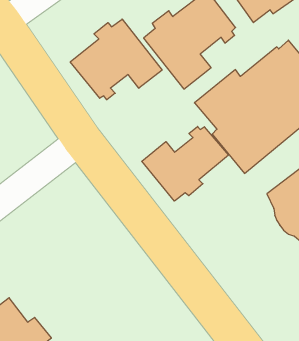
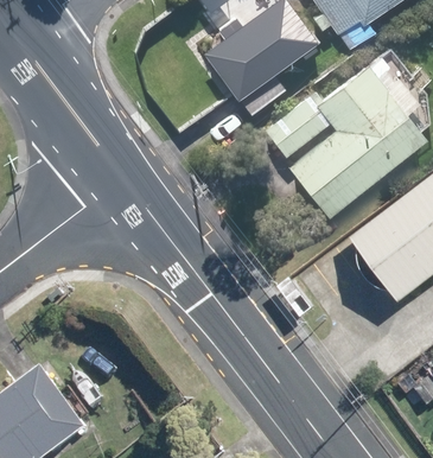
building: [70,19,162,100] -> none
building: [142,126,228,201] -> none

